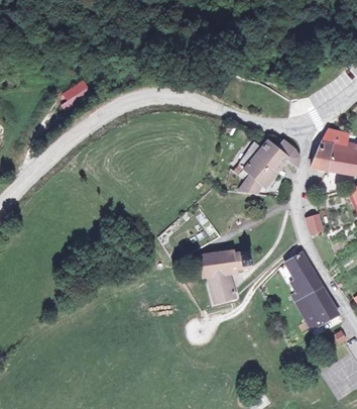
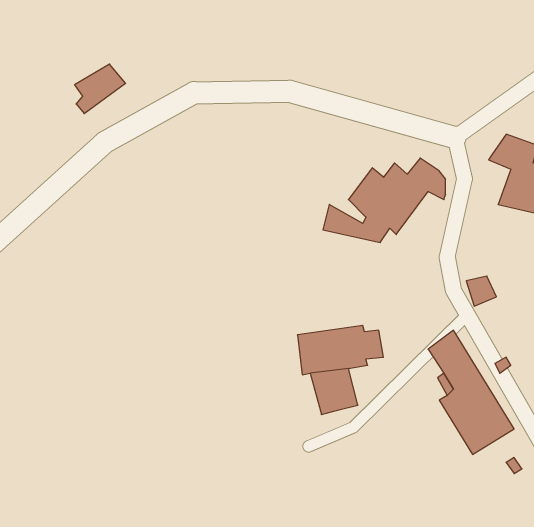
building: [312,141,337,170] -> none

